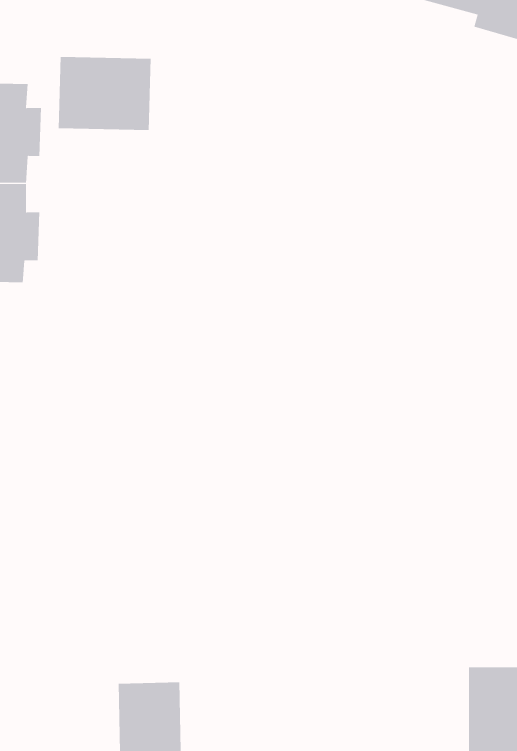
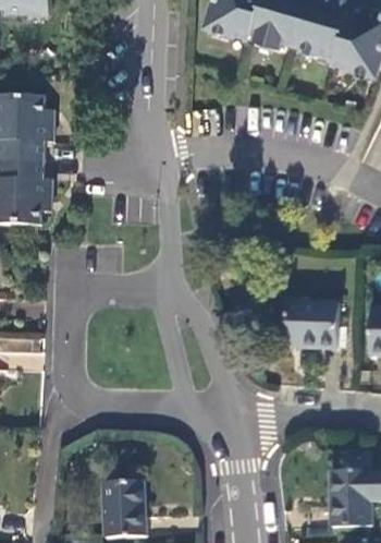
building: [58,56,151,131] -> none
building: none -> [285,301,339,349]

